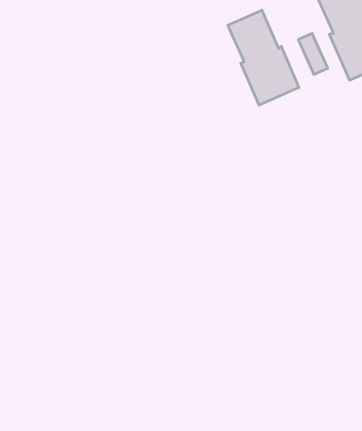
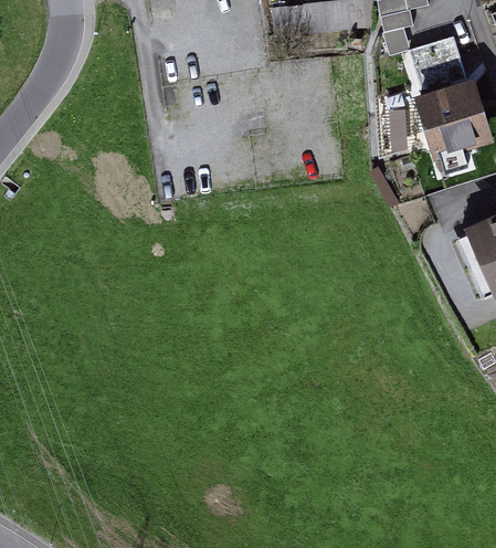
building: [228,10,299,105] -> none

